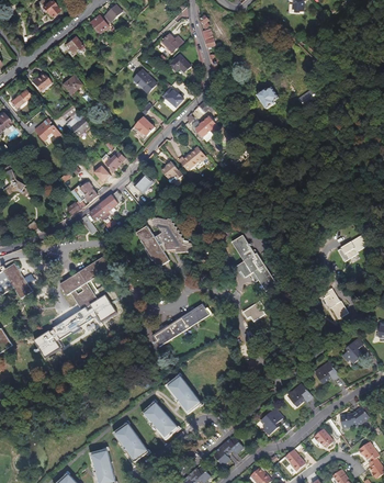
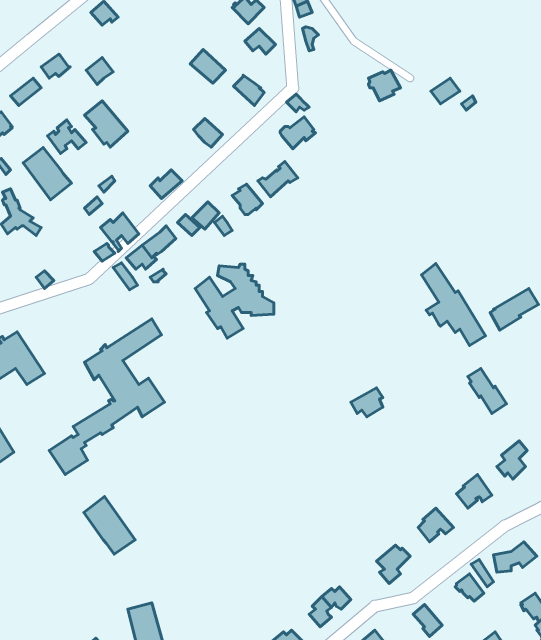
building: none -> [23,148,71,200]
building: [231,235,275,291] -> [421,264,486,345]
building: [151,303,210,346] -> none
building: [166,374,202,414] -> none
building: [142,401,179,439] -> none
building: [113,422,148,461] -> [84,497,135,554]

